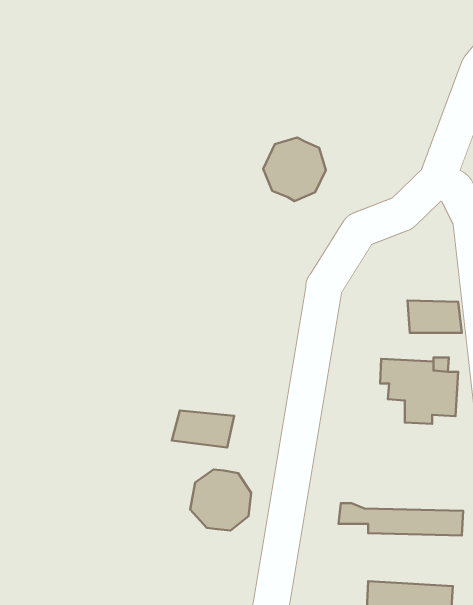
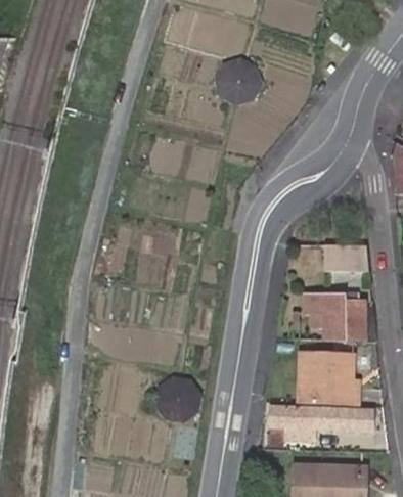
building: [263,138,326,201] -> [213,56,262,106]
building: [172,410,234,447] -> none
building: none -> [299,350,359,404]

